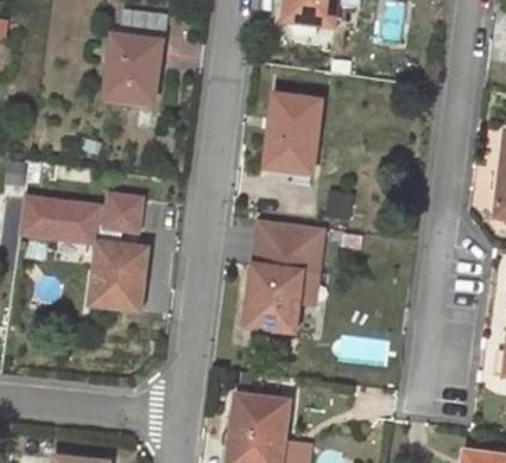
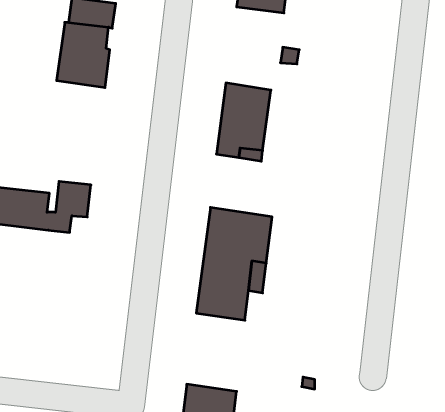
building: [90,241,146,306] -> none

